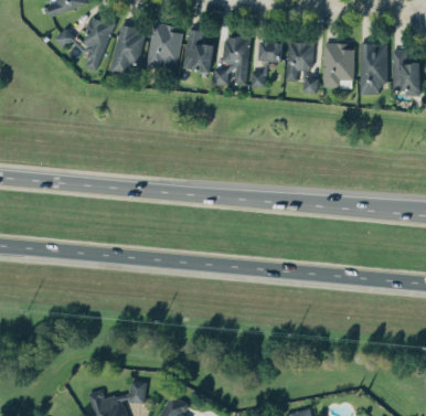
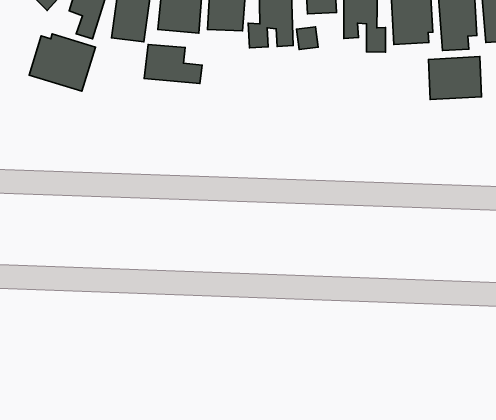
building: none -> [29,34,95,91]
building: none -> [144,45,202,83]
building: none -> [428,57,482,100]

